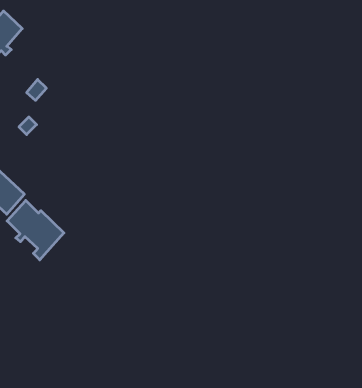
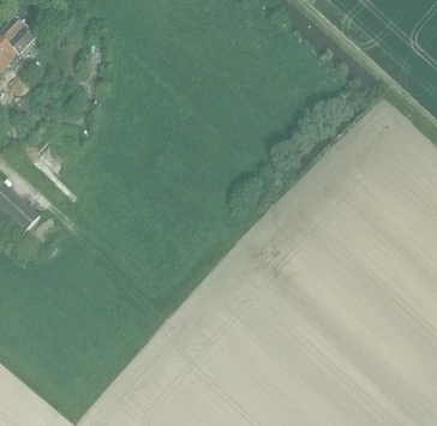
building: [7,200,64,260] -> none

